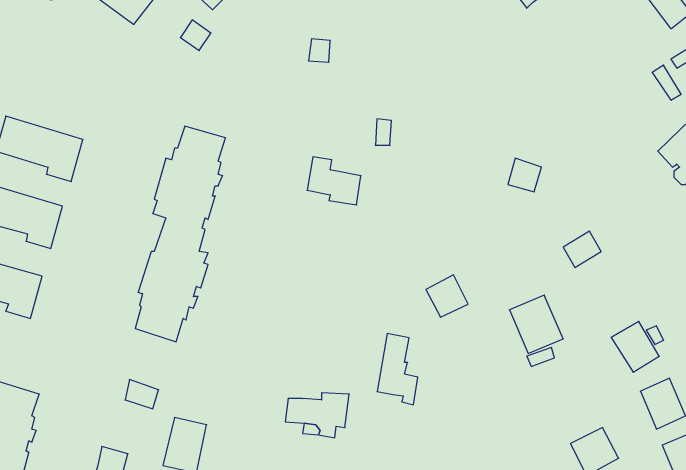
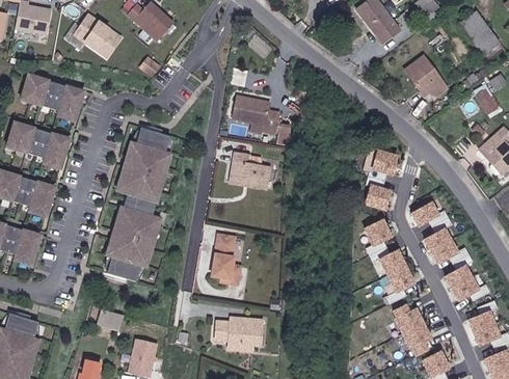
building: none -> [405,57,448,99]
building: none -> [21,74,83,119]
building: none -> [233,92,279,129]
building: none -> [365,186,391,209]
building: none -> [426,231,458,266]
building: [426,275,468,317] -> [361,215,392,245]
building: [377,333,418,405] -> [209,233,238,283]
building: none -> [393,304,430,346]

